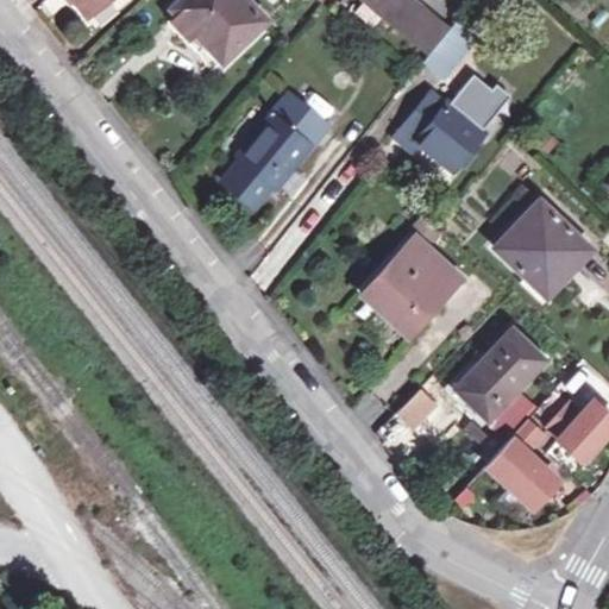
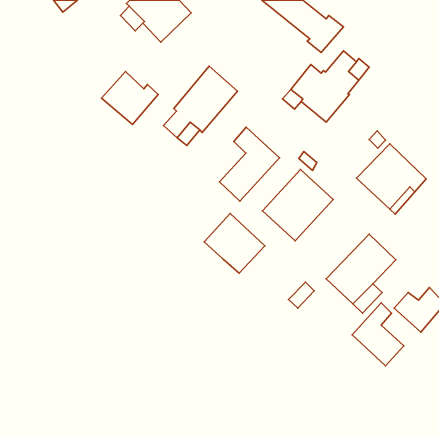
building: none -> [101,72,158,125]
building: none -> [219,127,280,201]
building: none -> [204,214,265,273]

